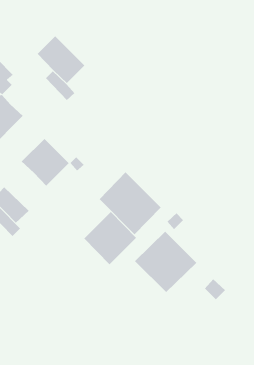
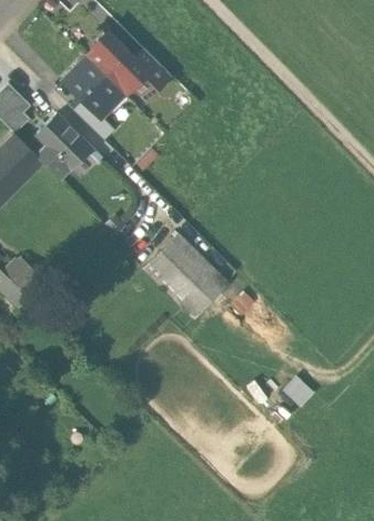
building: none -> [87,29,169,96]
building: [21,138,69,187] -> [28,113,92,177]
building: [83,211,137,265] -> none
building: [134,231,197,293] -> none

